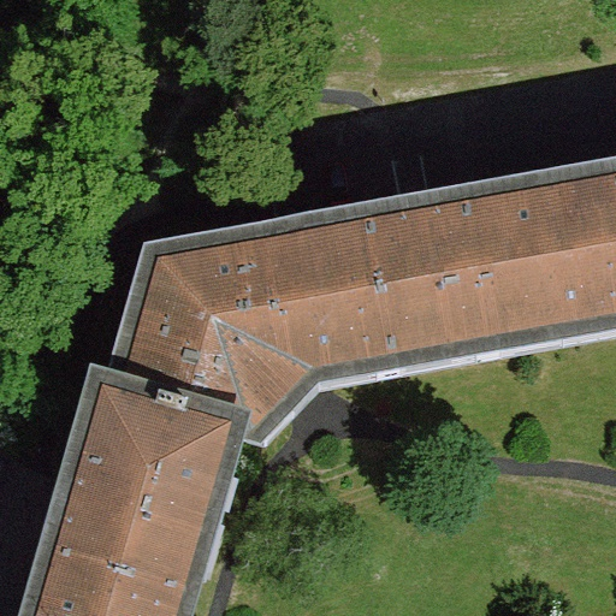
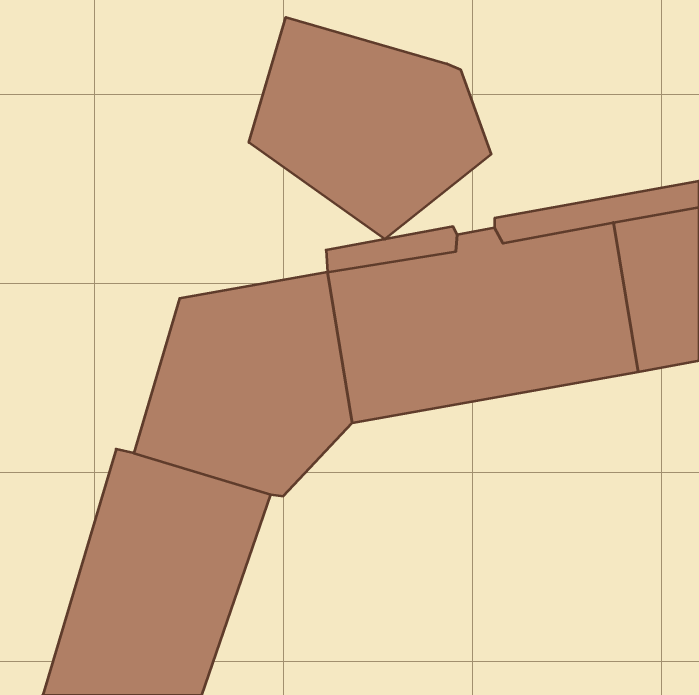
building: none -> [249,17,491,239]

